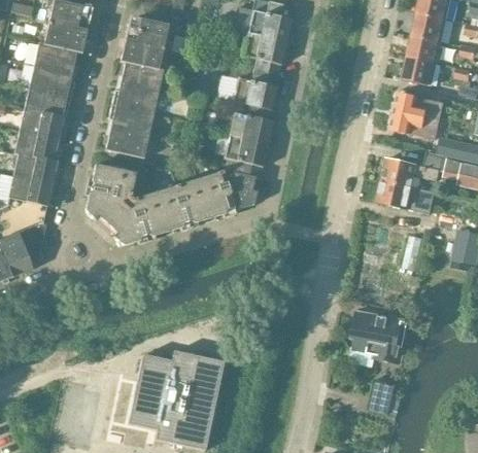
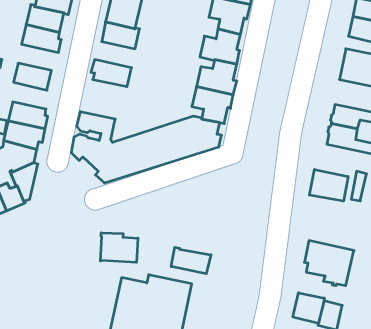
building: [112,83,159,113] -> none
building: [25,86,71,116] -> none
building: [105,127,149,158] -> none
building: [14,130,60,161] -> none
building: none -> [309,169,348,201]
building: none -> [100,233,138,262]
building: none -> [171,247,211,274]
building: none -> [293,293,324,324]

